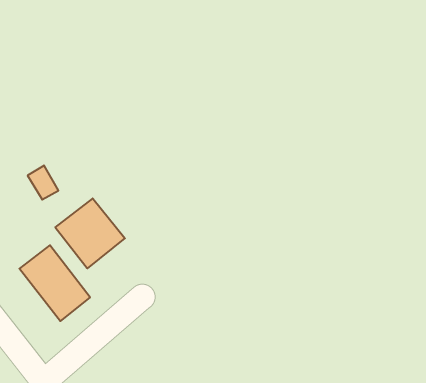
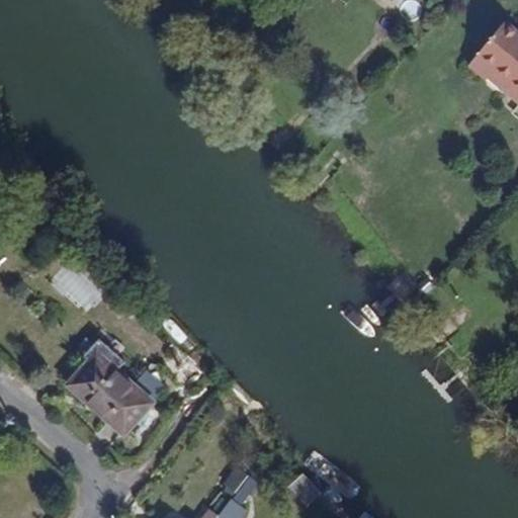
building: [55,198,125,268] -> none

